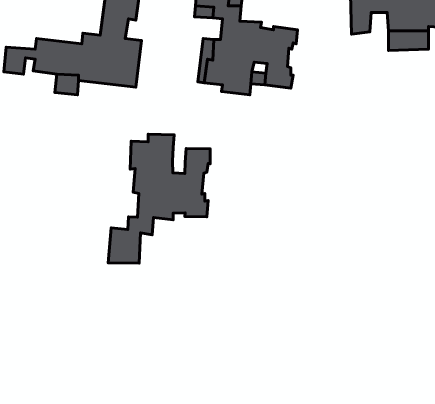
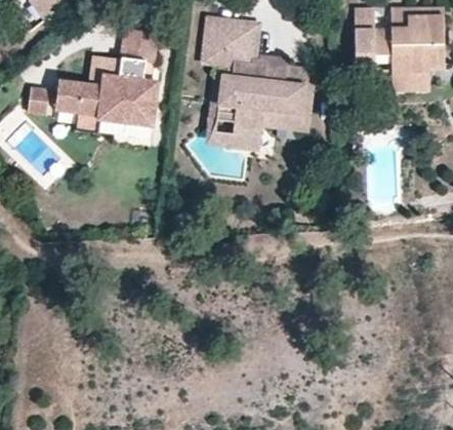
building: none -> [214,120,260,149]
building: [108,134,210,263] -> none

